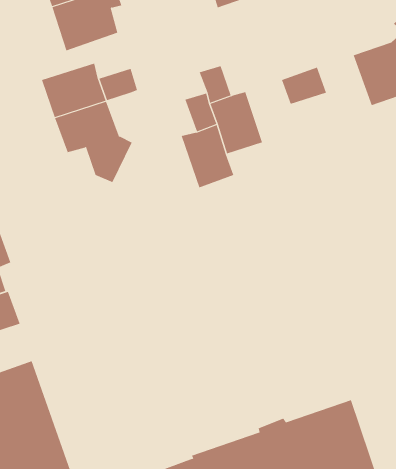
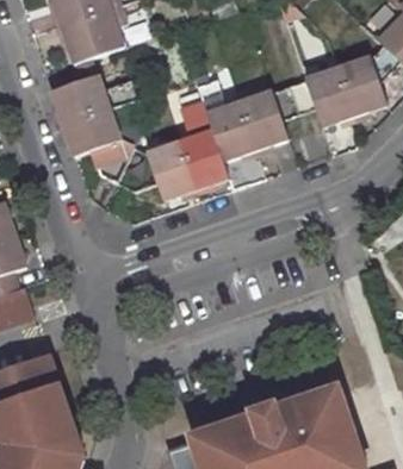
building: none -> [306,71,355,129]
building: none -> [241,94,289,151]
building: none -> [119,145,198,204]

